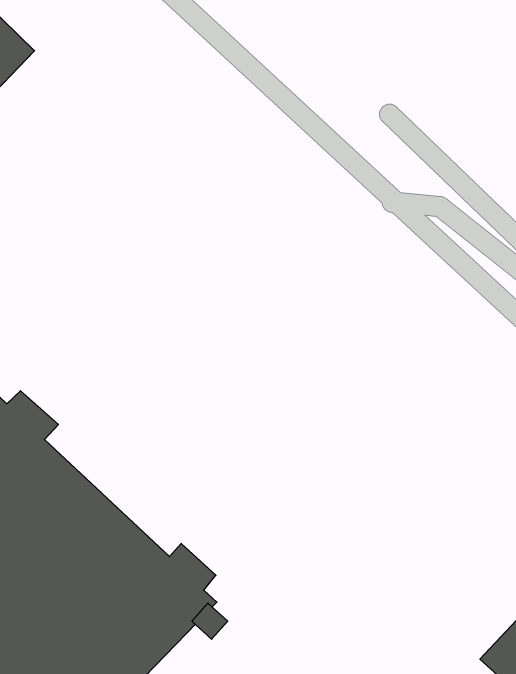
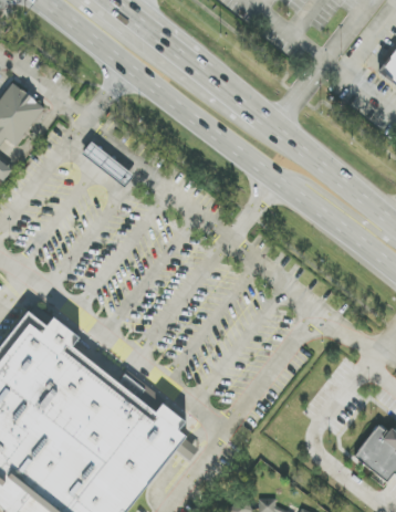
building: none -> [77,140,135,190]

